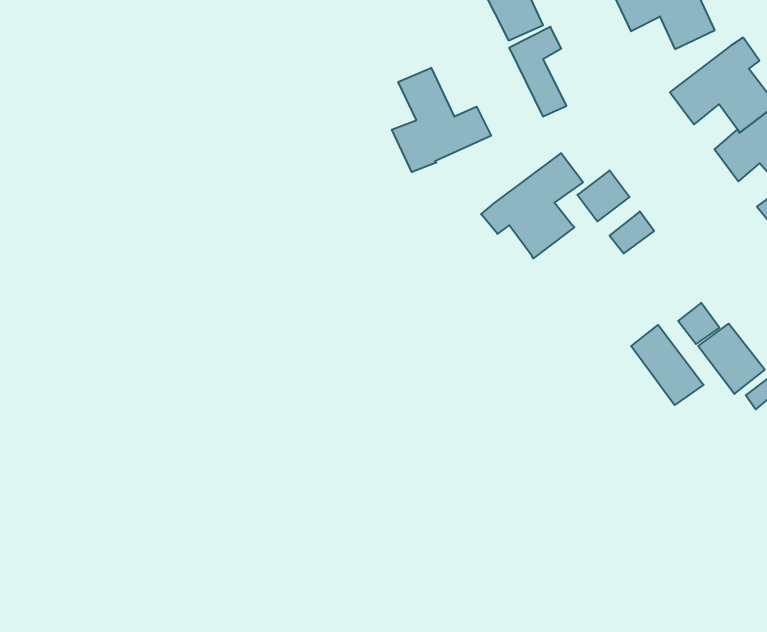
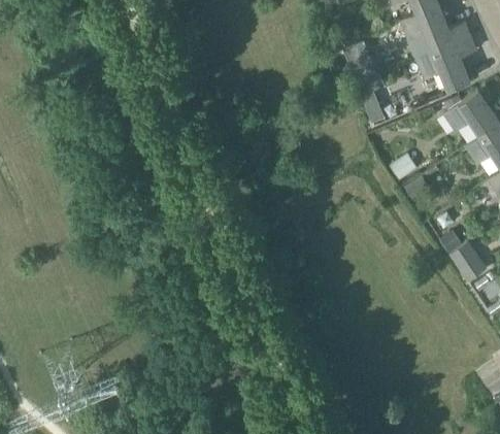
building: [392,68,491,172] -> none
building: [481,153,583,258] -> none
building: [631,325,704,405] -> none

